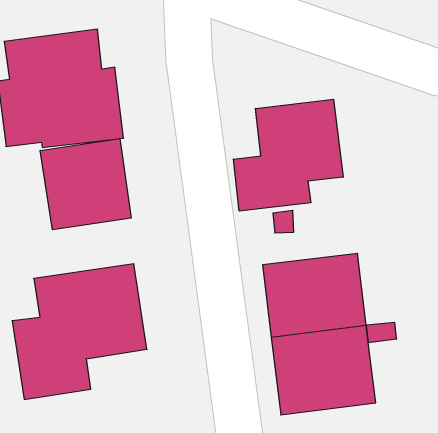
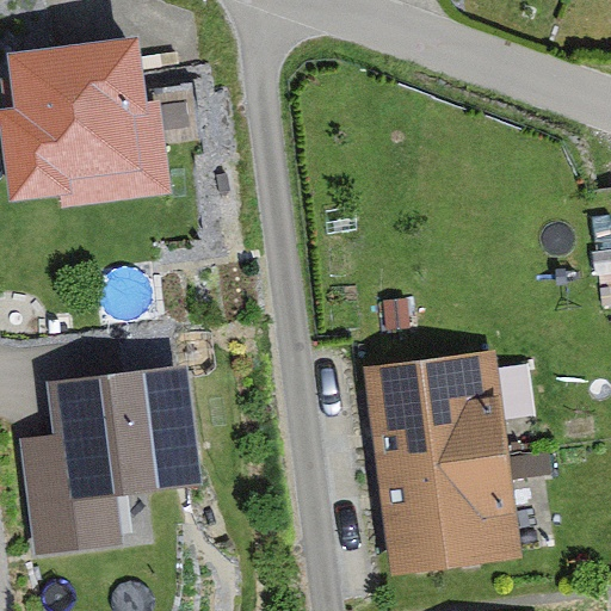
building: [233,99,343,211] -> none
building: [40,138,131,230] -> none

